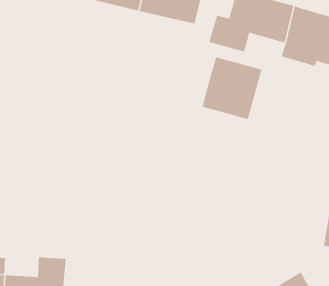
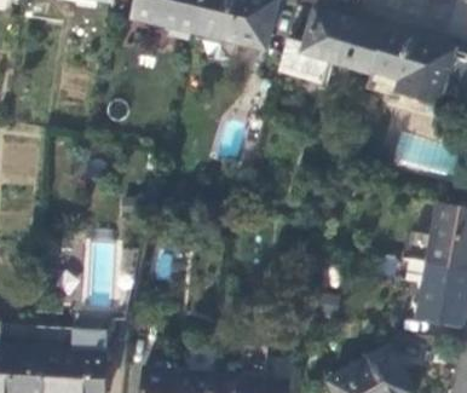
building: [202,56,262,120] -> none

